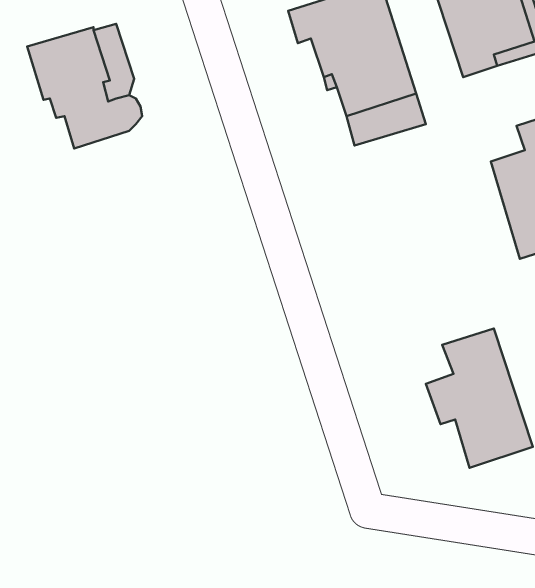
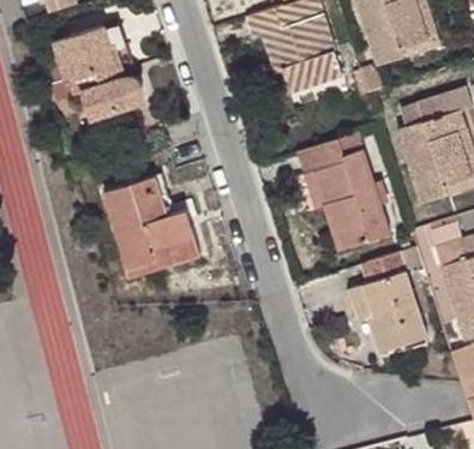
building: none -> [295,132,396,250]
building: none -> [104,178,196,279]

